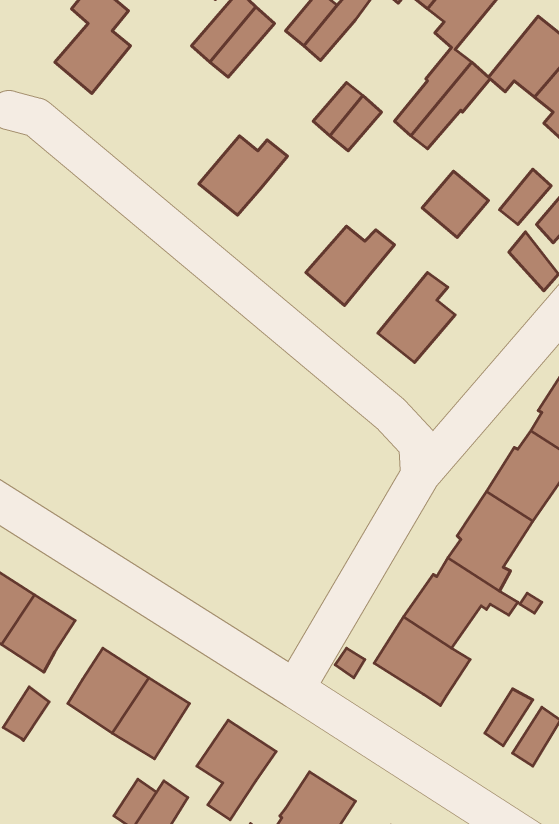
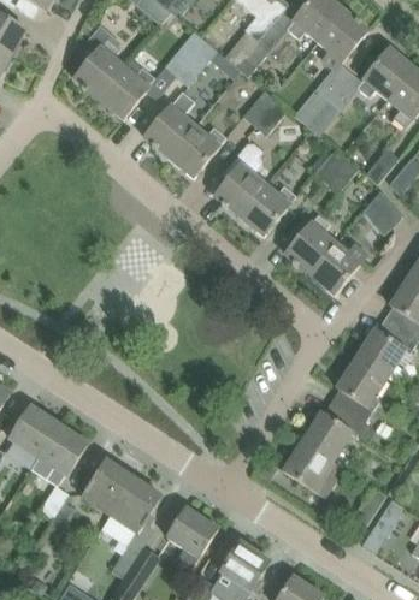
building: none -> [99,66,157,118]
building: none -> [144,91,195,156]
building: none -> [216,142,265,214]
building: none -> [309,242,367,293]

